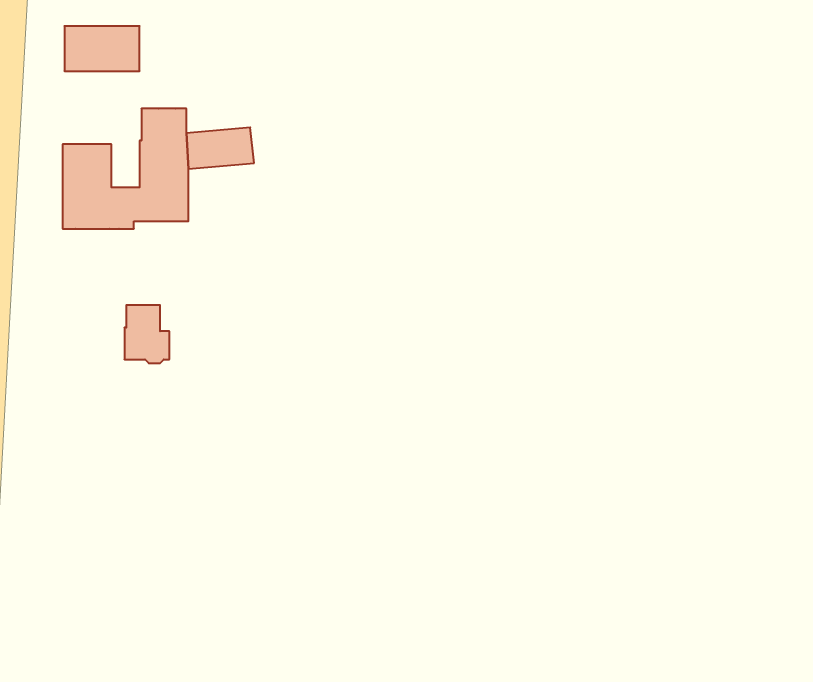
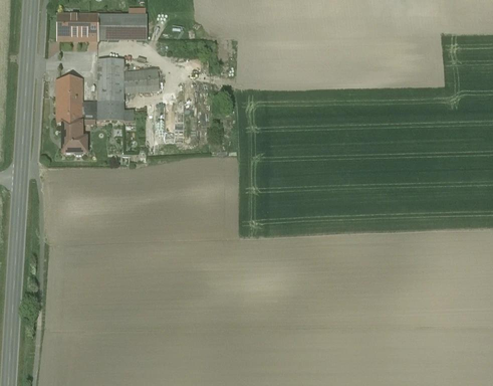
building: none -> [98,15,147,39]
building: [124,305,169,363] -> [63,124,87,155]

